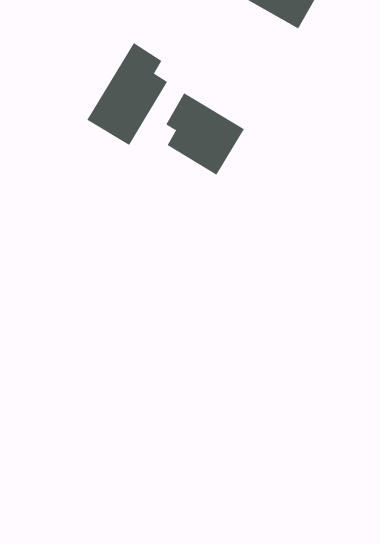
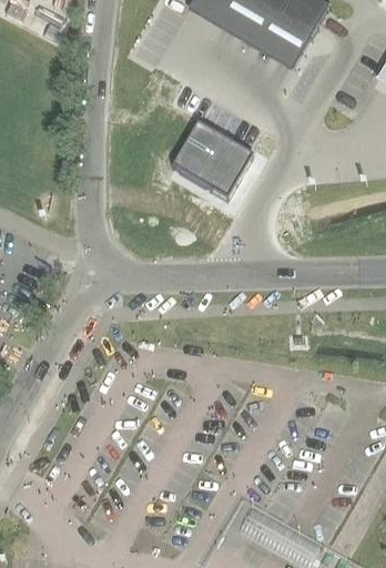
building: [87,42,168,146] -> none

